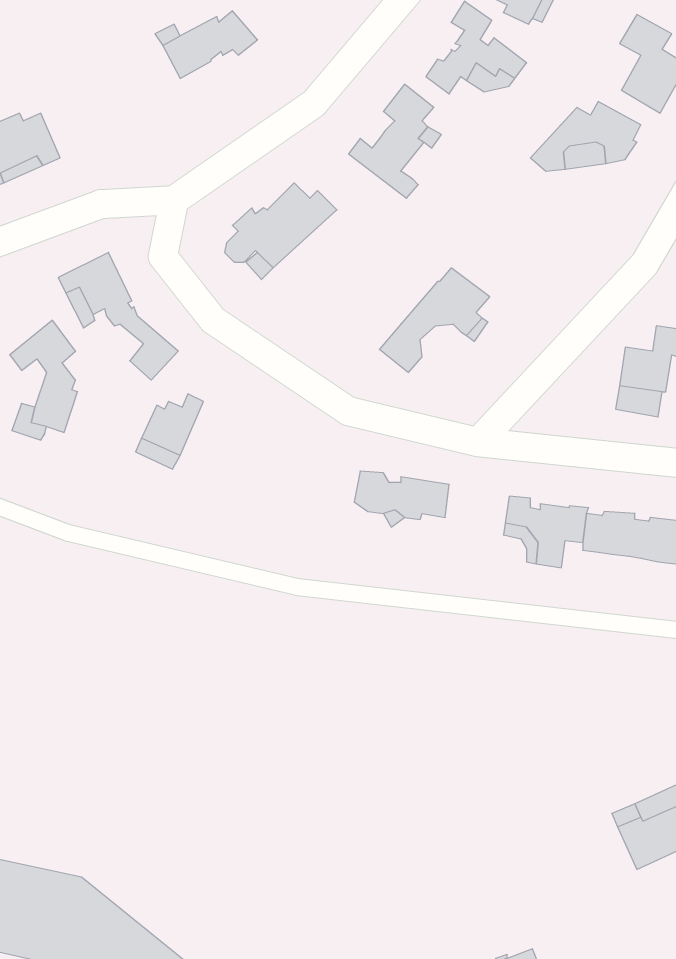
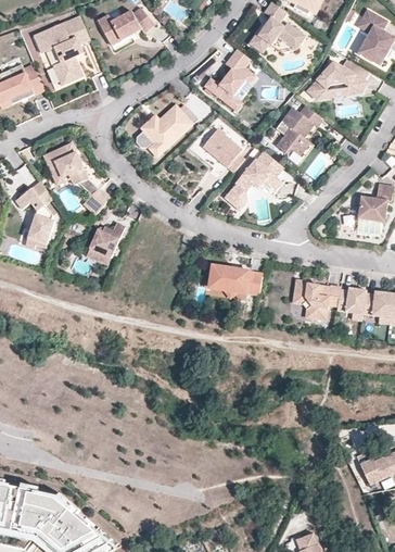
building: none -> [35,15,90,85]
building: none -> [277,104,323,154]
building: none -> [203,127,245,172]

